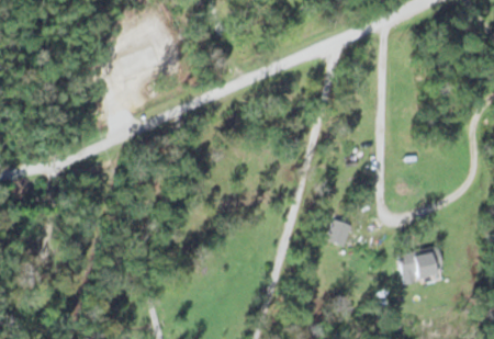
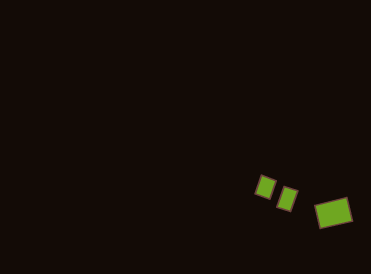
building: none -> [277,186,298,212]

